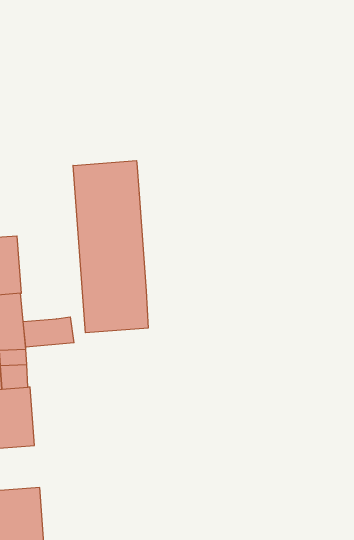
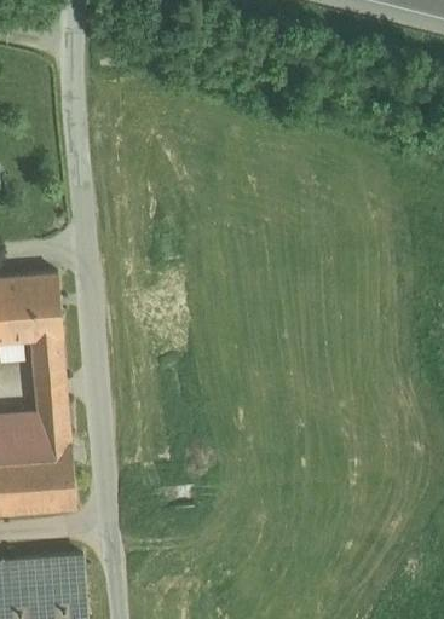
building: [73,161,148,333] -> none
building: [23,317,74,347] -> none

